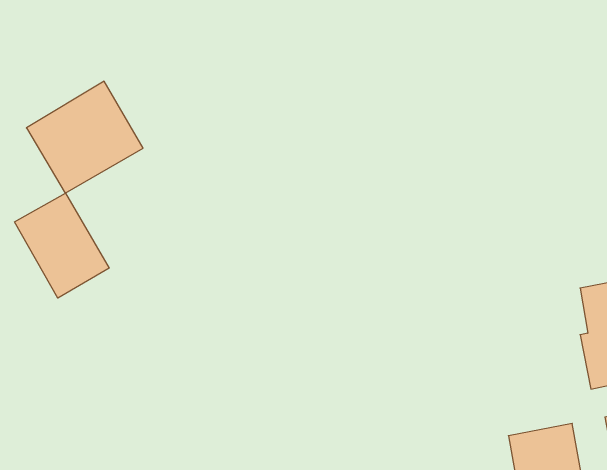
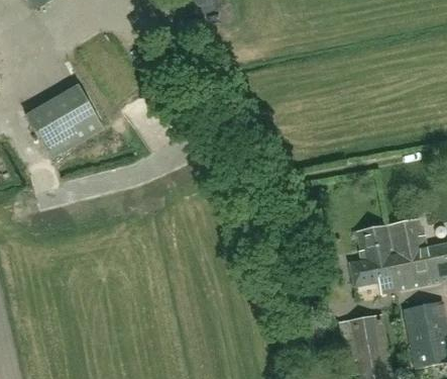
building: [15,193,109,298] -> none
building: none -> [350,224,395,293]

